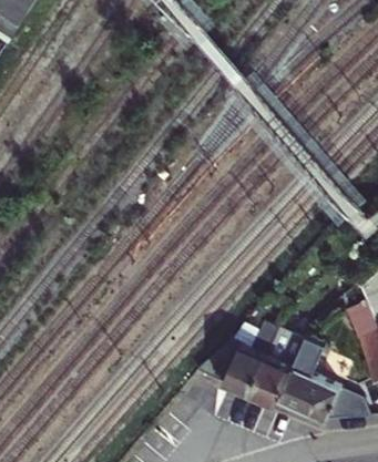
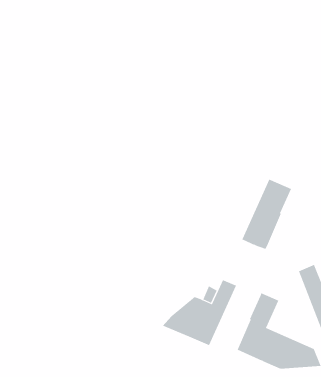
building: [249,328,305,405] -> [241,179,292,249]

